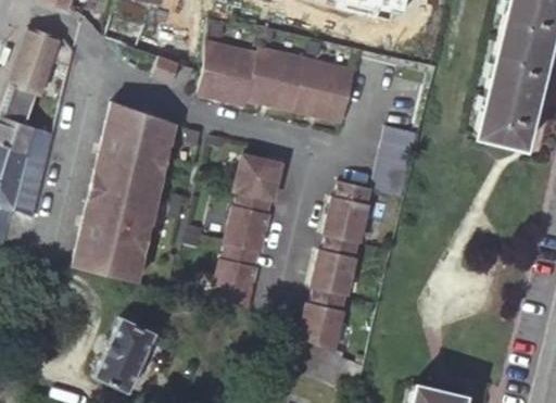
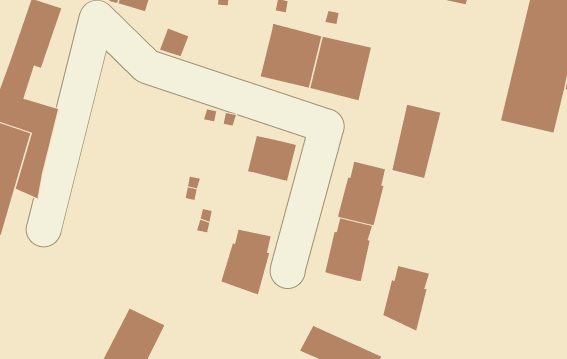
building: [199,41,258,104] -> none
building: [76,99,175,280] -> none
building: [225,189,271,250] -> none
building: [296,284,341,345] -> [382,265,430,331]

